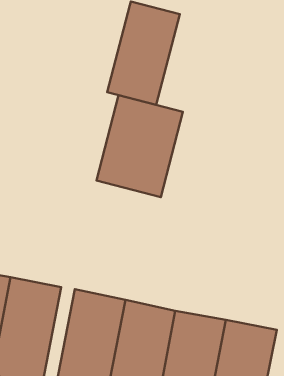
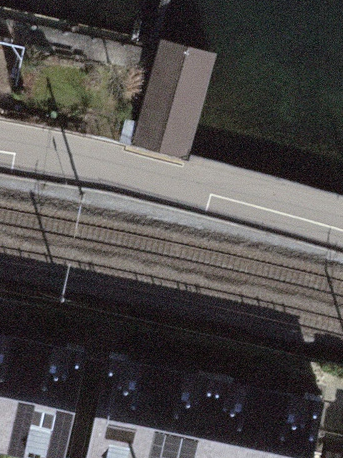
building: [96,95,183,197] -> none

